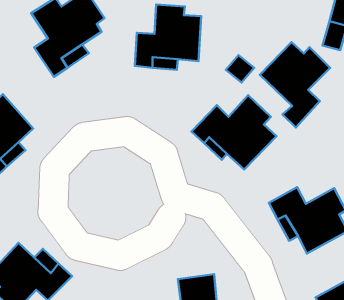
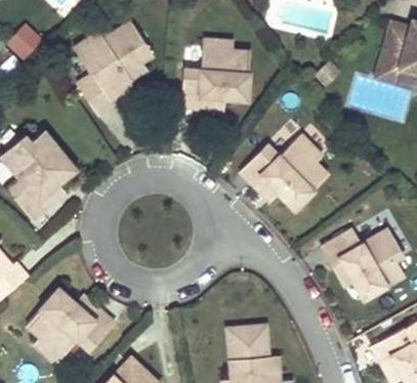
building: [260,42,330,127] -> none

